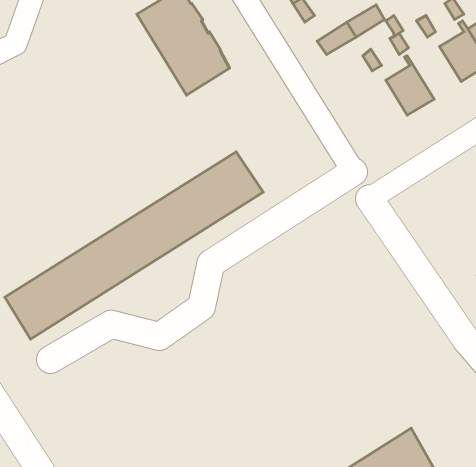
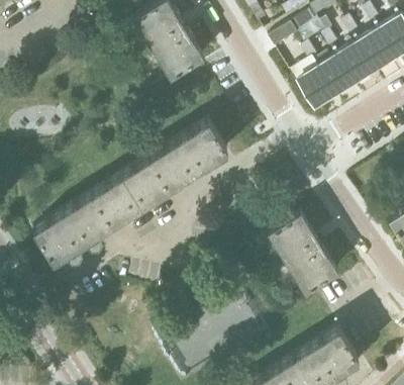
building: none -> [340,39,377,85]
building: none -> [298,66,336,111]
building: none -> [269,215,338,295]

